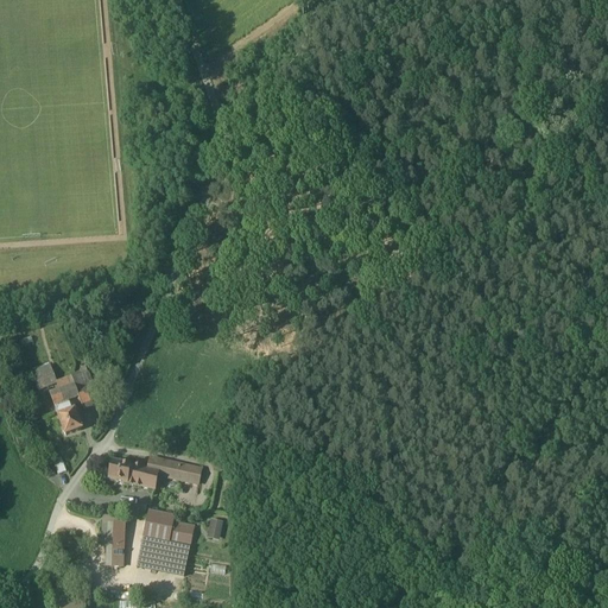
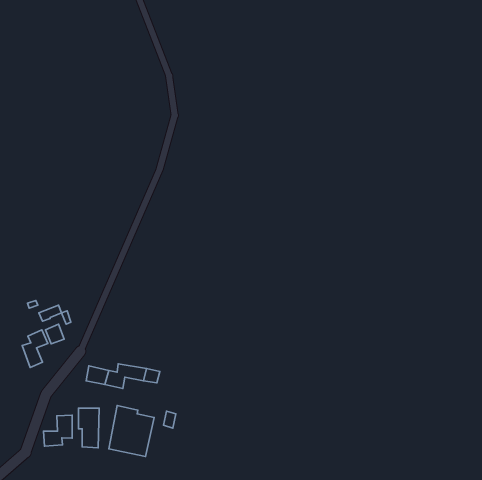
building: none -> [22,330,48,367]
building: none -> [43,415,72,446]

